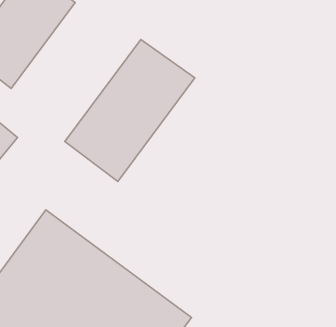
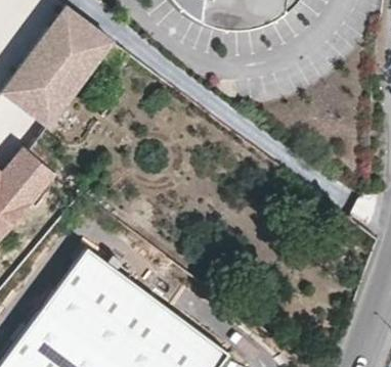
building: [65,40,195,181] -> none

